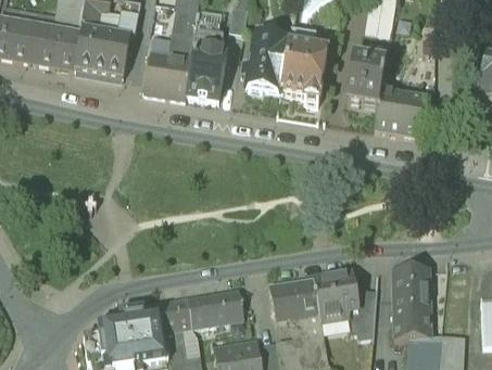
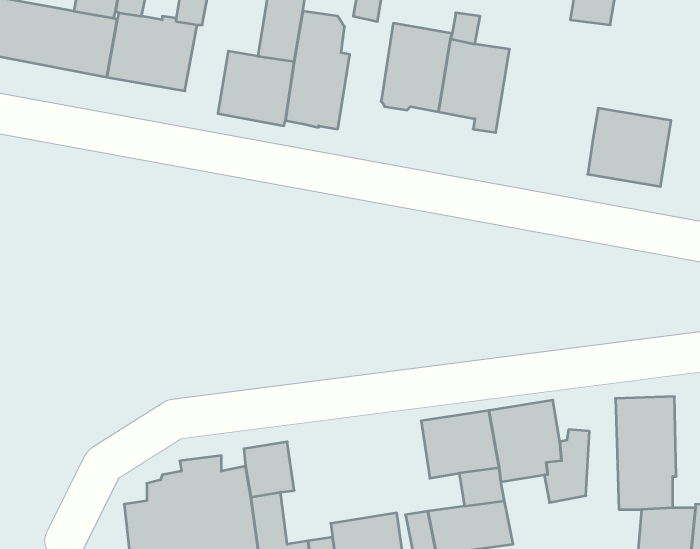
building: [344,54,386,109] -> none
building: [187,290,243,328] -> none

